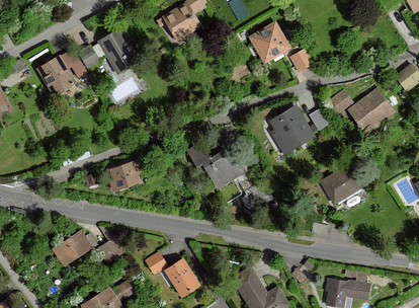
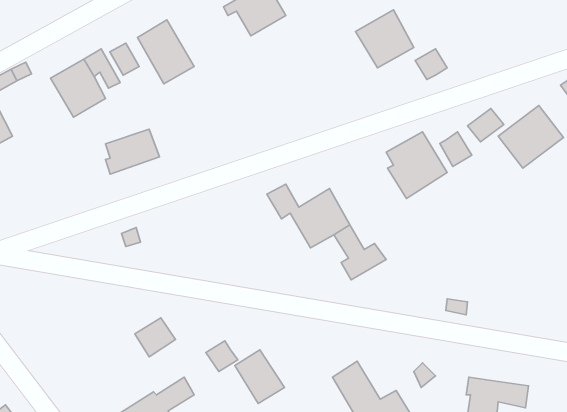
building: [109,160,147,191] -> [106,129,159,174]
building: [321,166,360,204] -> none
building: [53,232,90,265] -> none

